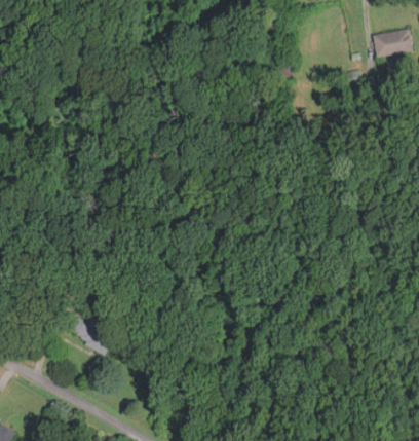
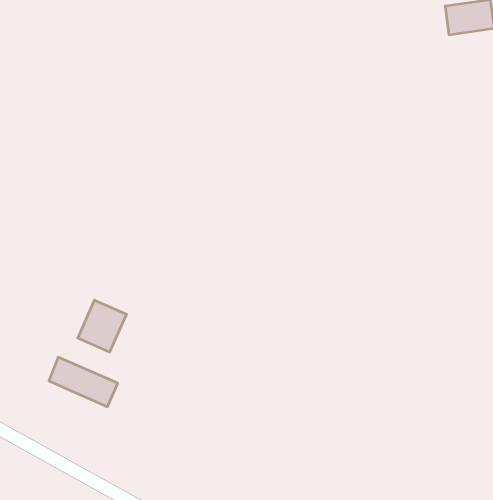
building: none -> [78,300,126,352]

